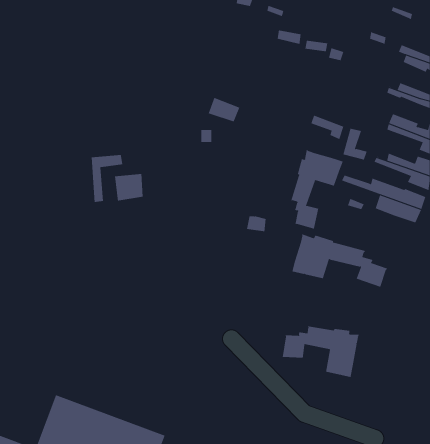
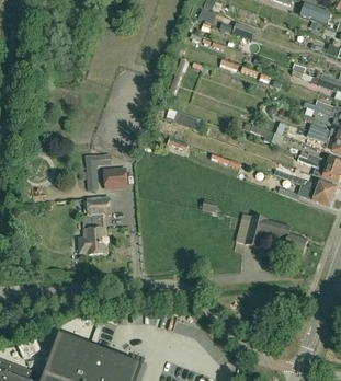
building: [291,149,343,229] -> none
building: none -> [78,196,110,254]
building: [282,326,360,378] -> none

